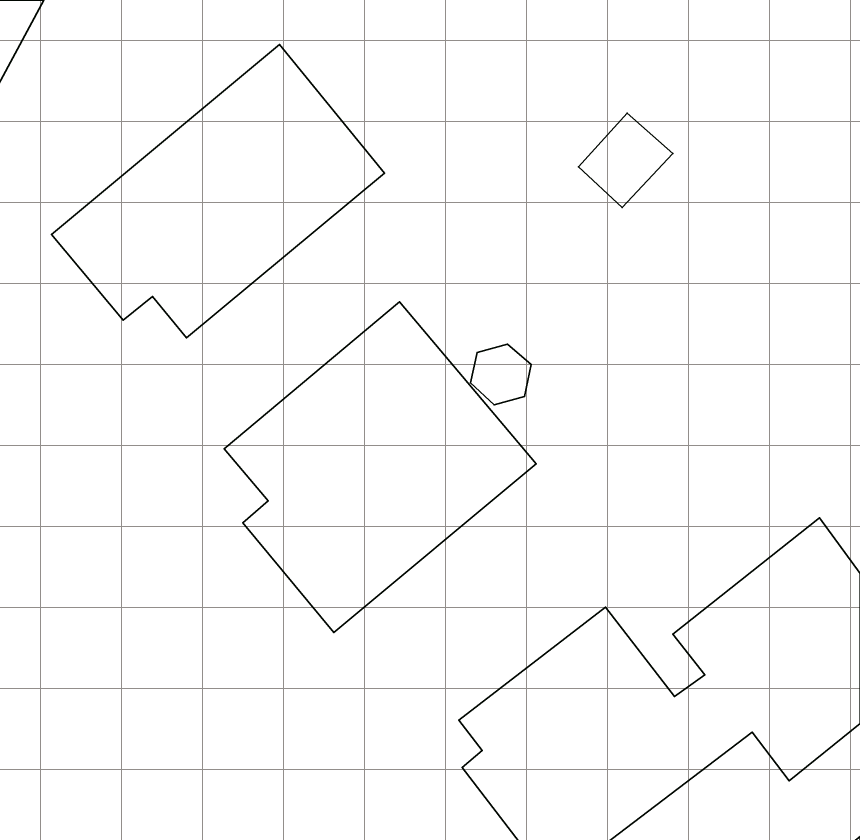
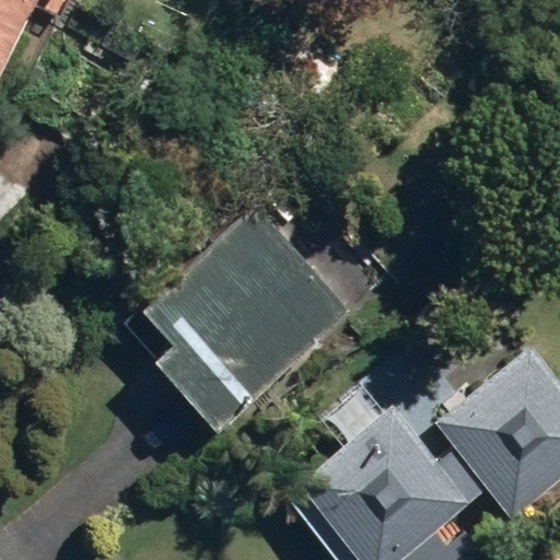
building: [51,45,385,338] -> none

